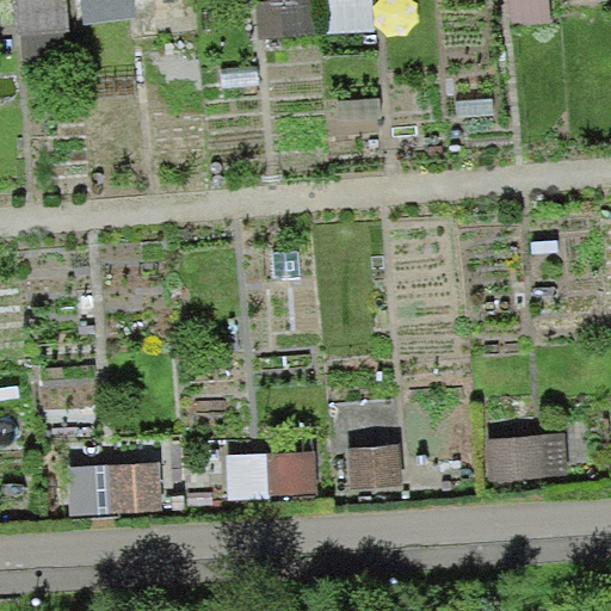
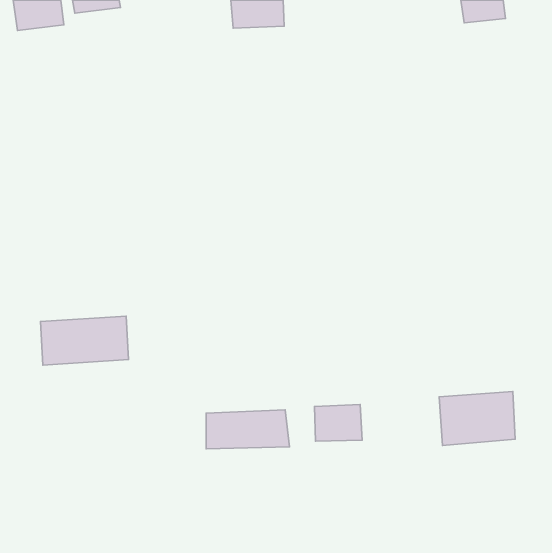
building: [68,459,165,513] -> [41,316,128,365]

